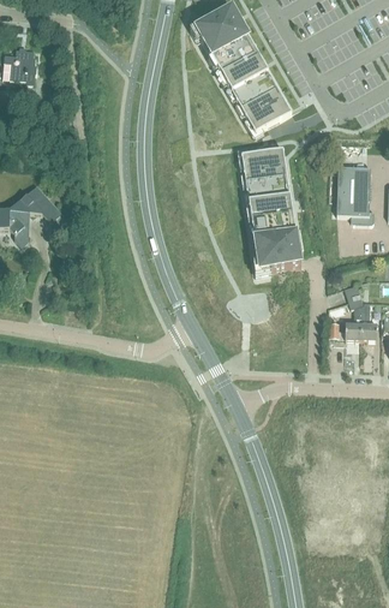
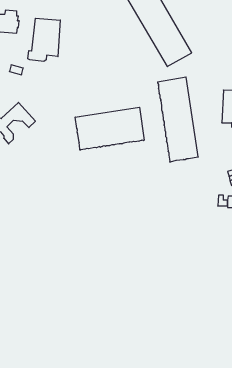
building: none -> [28,18,60,61]
building: none -> [75,107,144,150]

